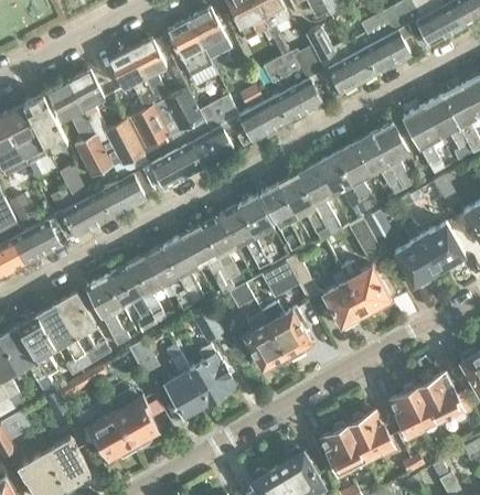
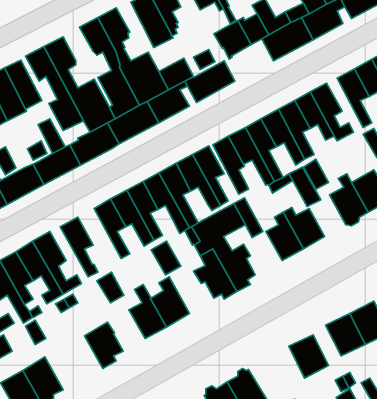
building: [275,76,323,121] -> none
building: [107,267,157,333] -> none
building: [88,412,136,459] -> none
building: [321,424,366,474] -> none

